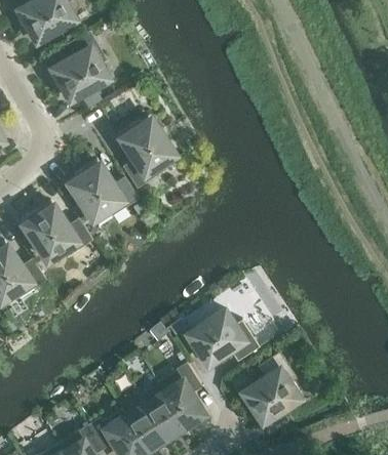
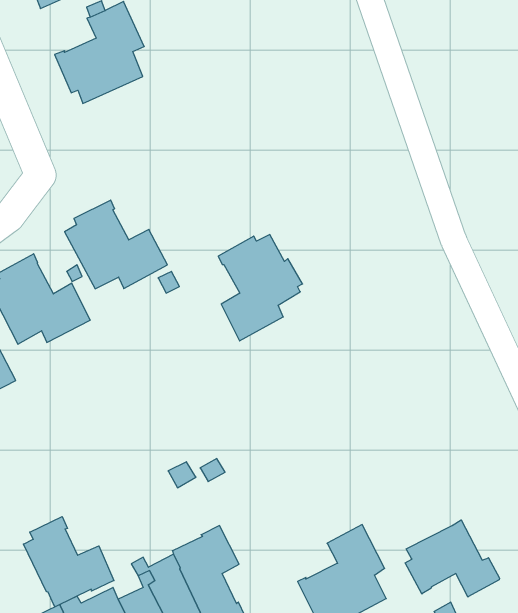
building: [116,113,172,183] -> [218,235,303,341]
building: [190,311,260,367] -> none
building: none -> [405,520,500,597]
building: none -> [23,517,114,607]

